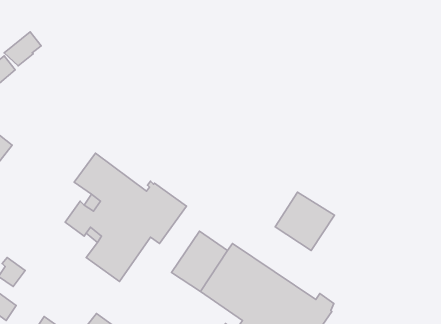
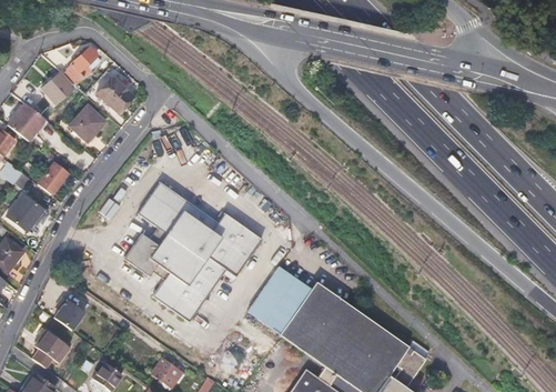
building: none -> [98,77,133,112]
building: none -> [69,105,105,142]
building: [275,192,334,250] -> none

